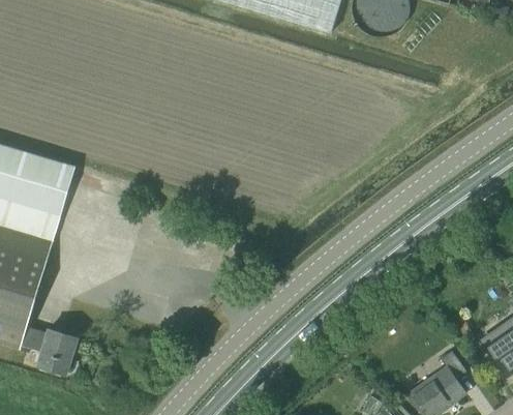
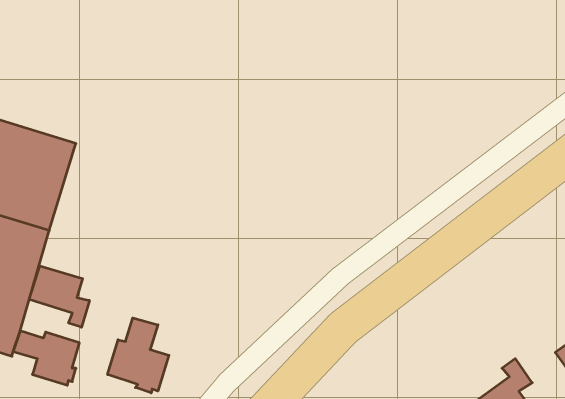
building: none -> [29,266,89,327]
building: none -> [108,318,169,393]

